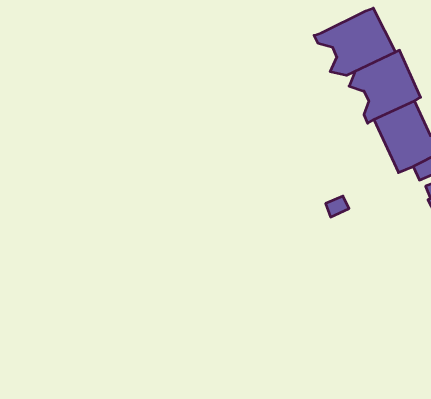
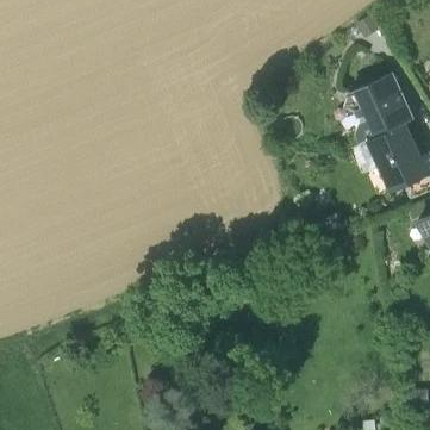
building: [314,8,395,75] -> none

